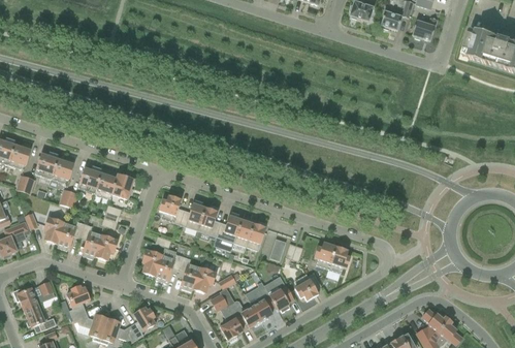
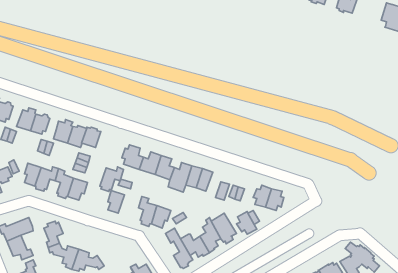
building: [155,253,183,282] -> [100,167,124,191]
building: [130,307,156,338] -> none

